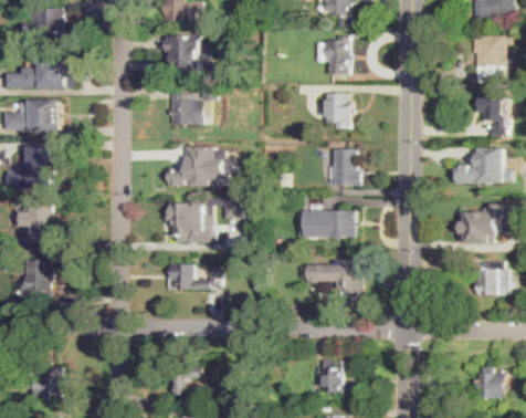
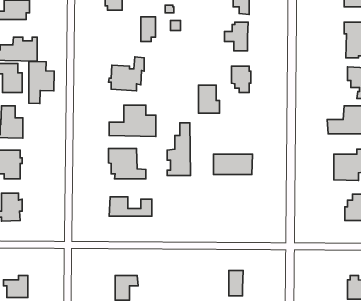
building: [168,43,187,75] -> [141,17,155,41]
building: none -> [29,61,54,103]
building: [333,149,360,186] -> [198,85,220,113]
building: none -> [167,123,191,176]
building: [318,259,355,294] -> none

